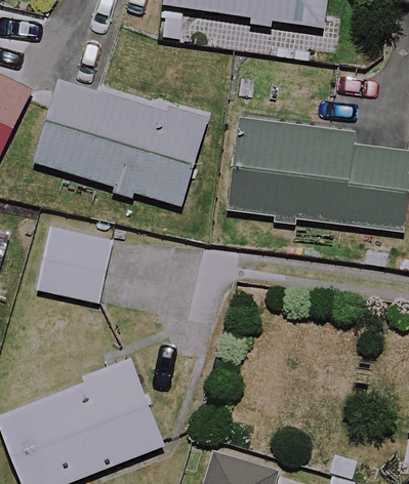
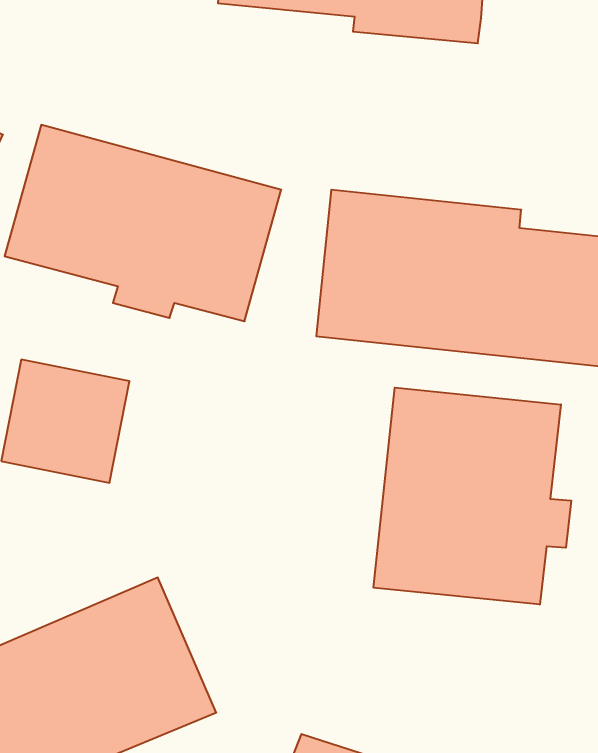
building: none -> [374,388,571,605]

